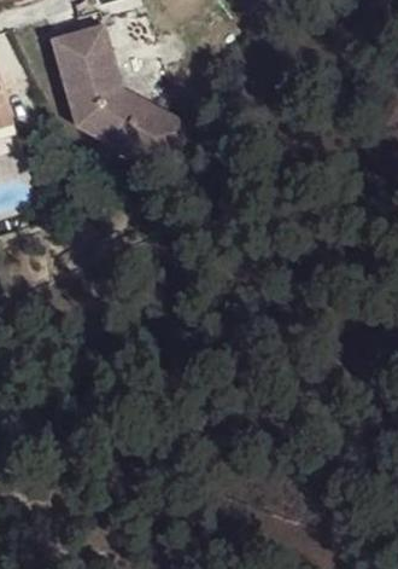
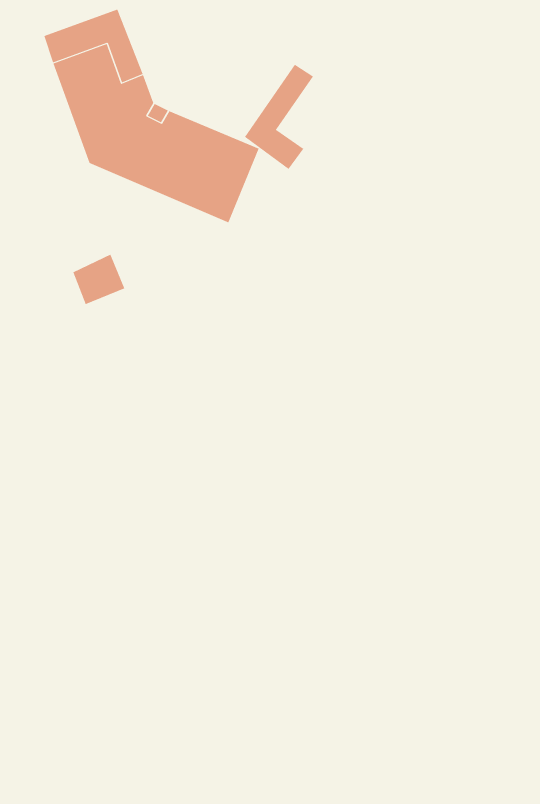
building: none -> [244,64,314,170]

